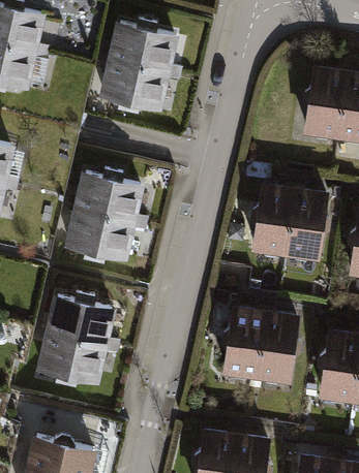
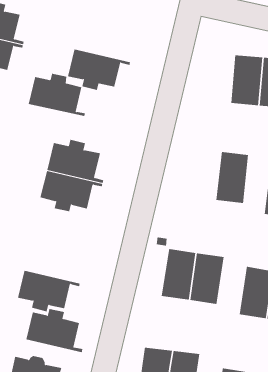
building: [112,25,183,78] -> [28,73,86,117]
building: [252,186,294,250] -> none
building: [50,298,121,353] -> [26,309,83,353]

